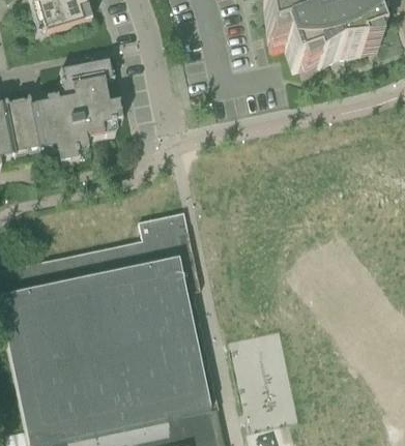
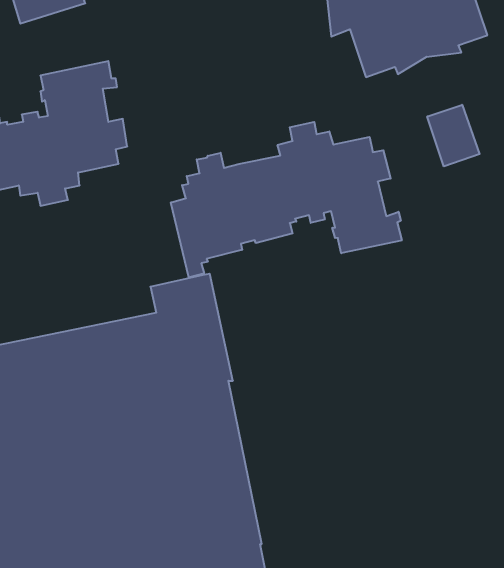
building: none -> [427,105,480,166]
building: none -> [171,122,402,278]

